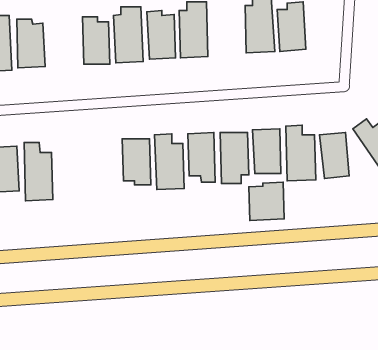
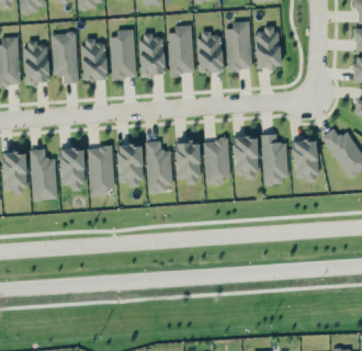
building: none -> [52,33,78,83]
building: none -> [197,33,223,72]
building: none -> [89,147,114,194]
building: none -> [60,149,84,191]
building: [249,182,284,220] -> none

